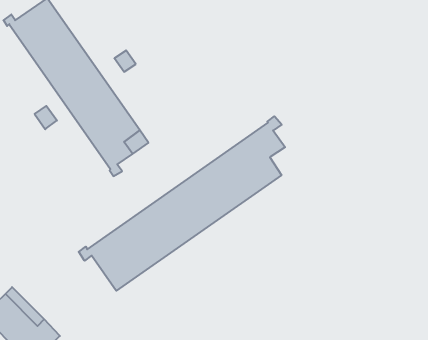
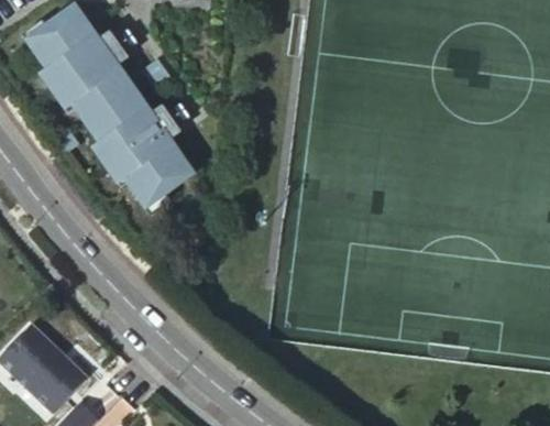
building: [79,116,285,291] -> none

